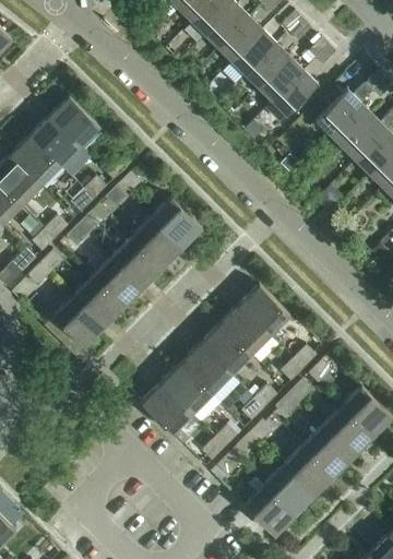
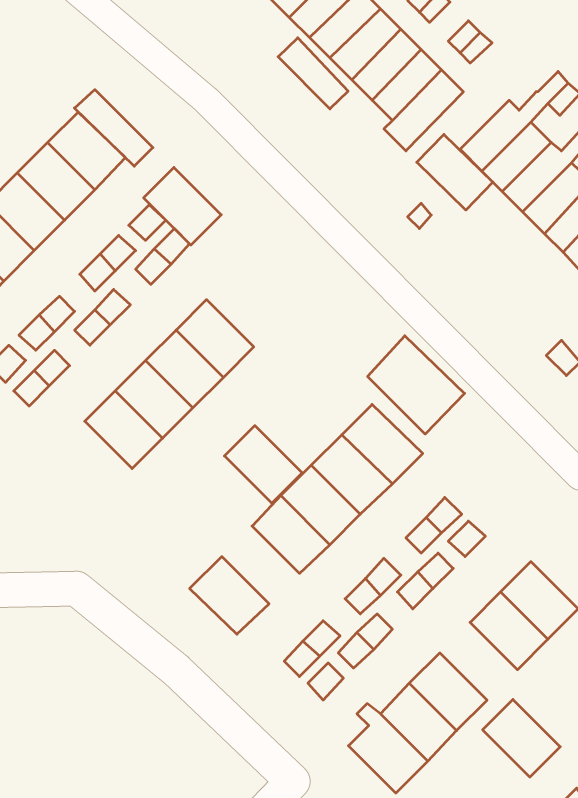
building: none -> [278,38,348,109]
building: none -> [74,90,153,166]
building: none -> [417,134,493,210]
building: [152,198,202,248] -> [144,167,221,245]
building: none -> [368,336,465,434]
building: [53,296,104,347] -> none
building: [162,364,212,414] -> [224,426,302,503]
building: [302,426,353,476] -> [483,699,560,777]

